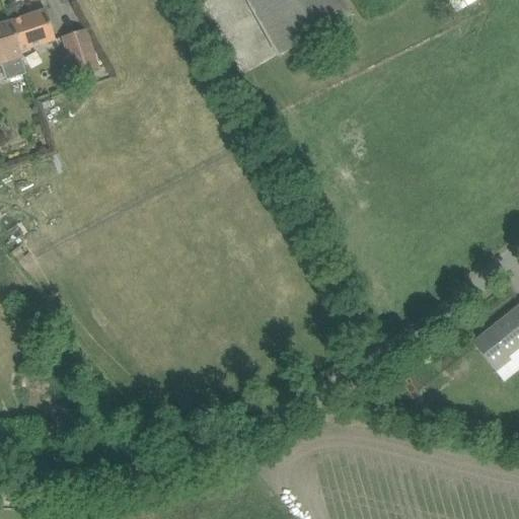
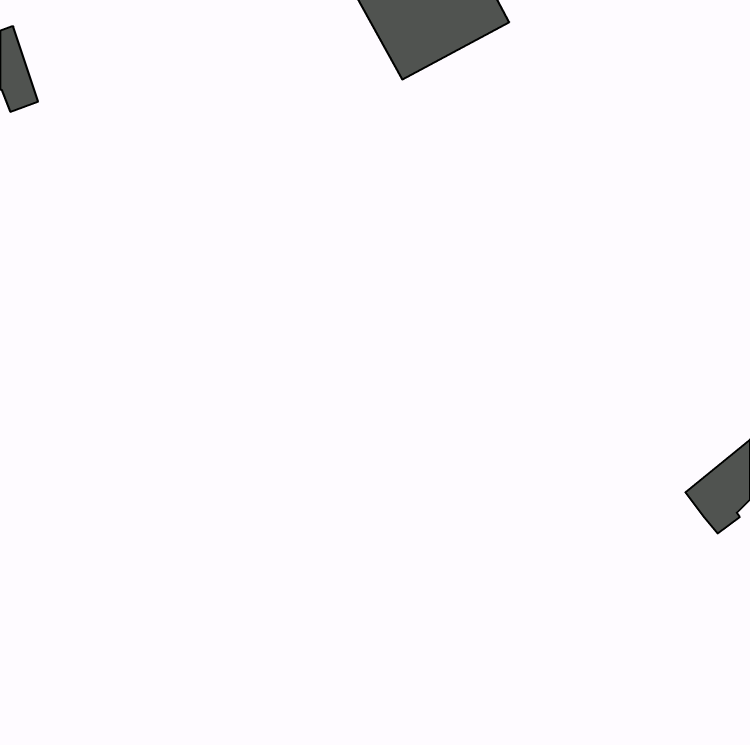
building: [9,6,55,55] -> none
building: [62,24,99,73] -> none

